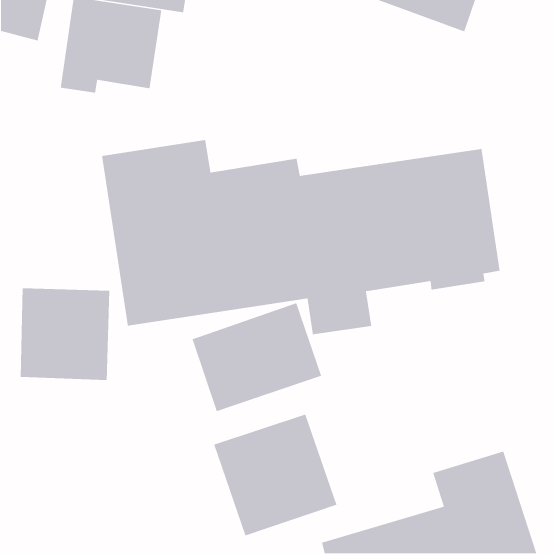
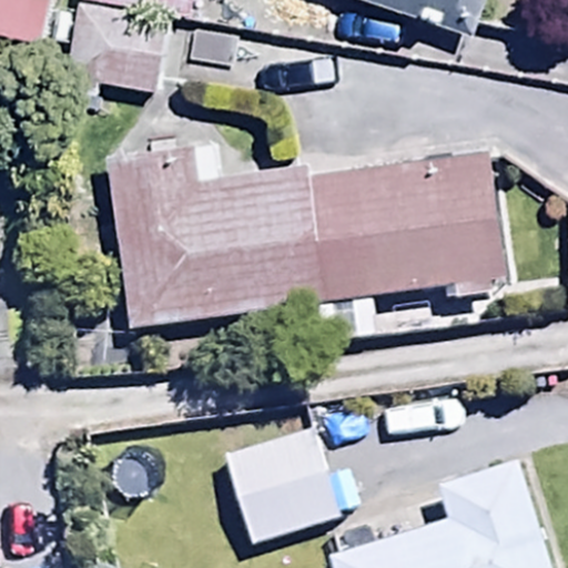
building: [20,287,110,381] -> none
building: [192,302,322,412] -> none

